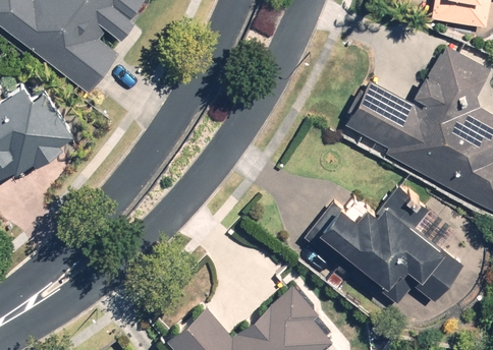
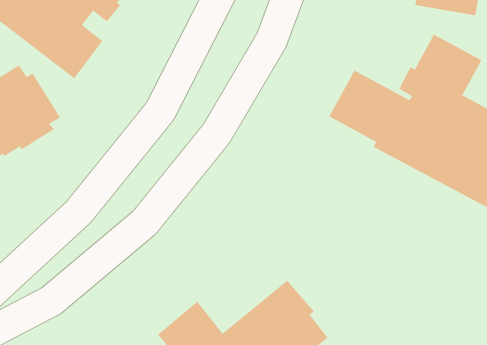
building: [308,179,474,302] -> none

